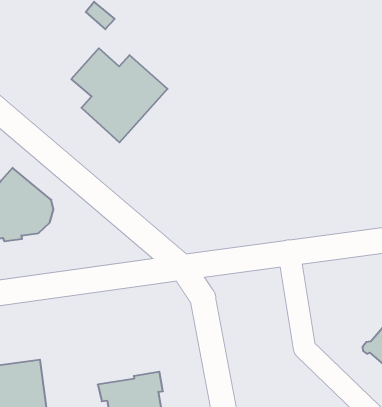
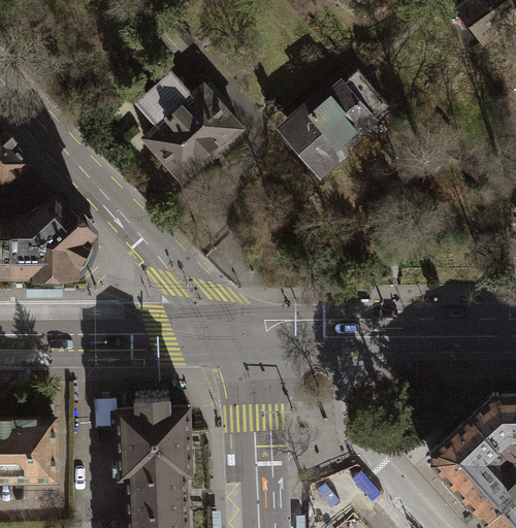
building: none -> [292,74,388,167]
building: none -> [117,400,190,458]

